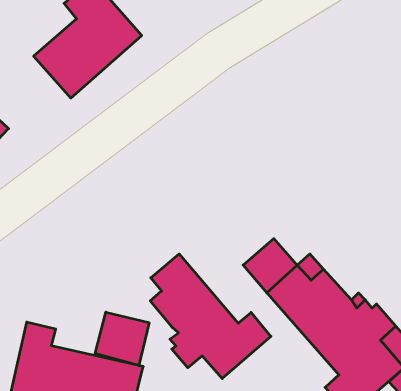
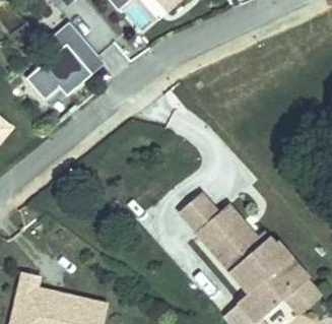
building: [150,254,271,379] -> none
building: [95,312,149,366] -> none

